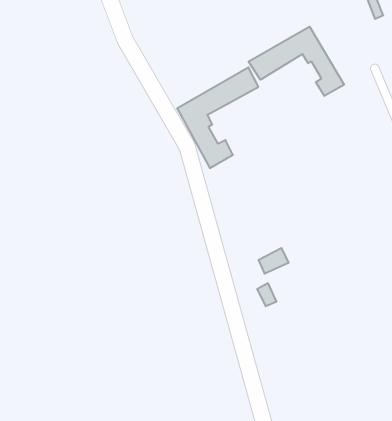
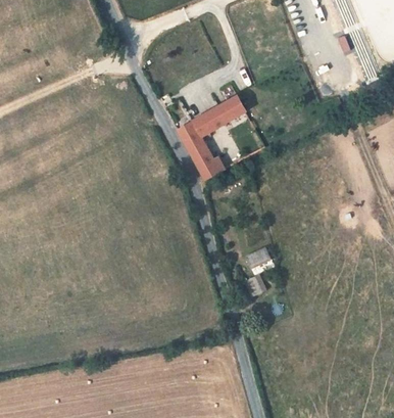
building: [249,27,344,96] -> none

